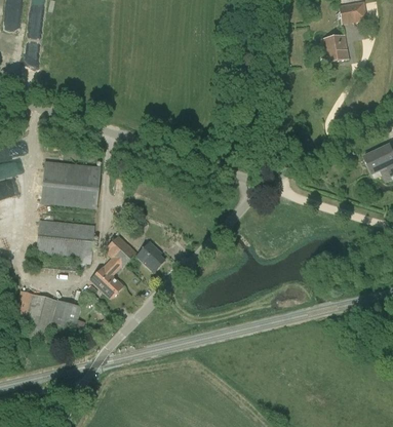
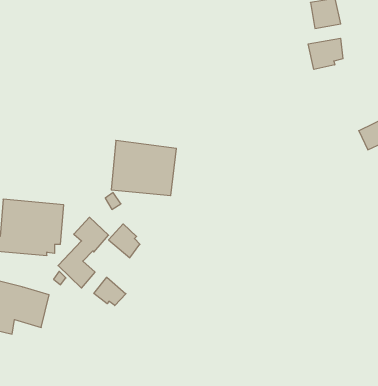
building: none -> [308,38,343,69]
building: [41,158,101,208] -> [111,140,176,196]
building: none -> [94,277,126,306]

